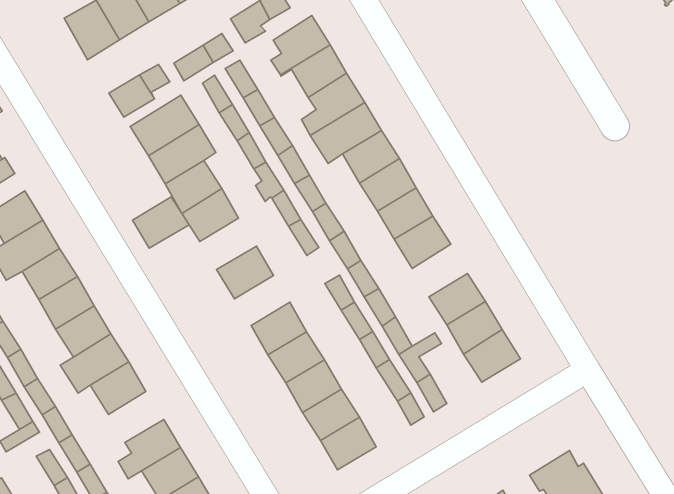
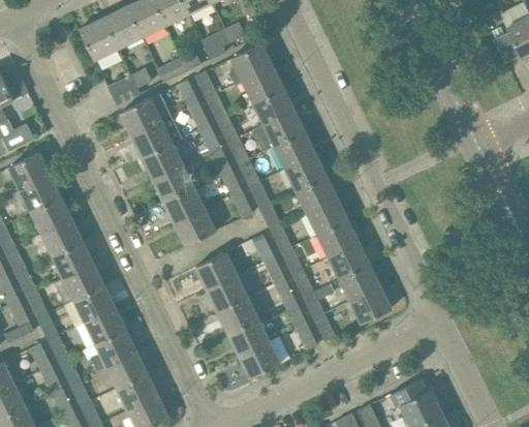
building: [132,197,189,248] -> [163,186,205,222]
building: none -> [317,219,357,256]
building: none -> [85,307,125,343]

